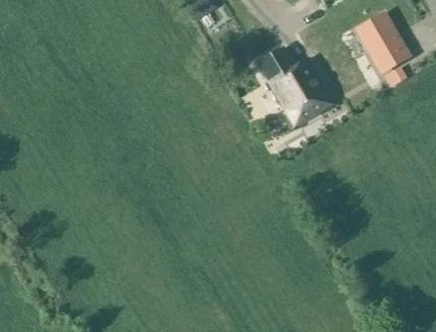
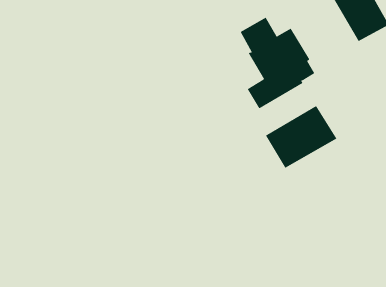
building: none -> [265,105,337,169]

